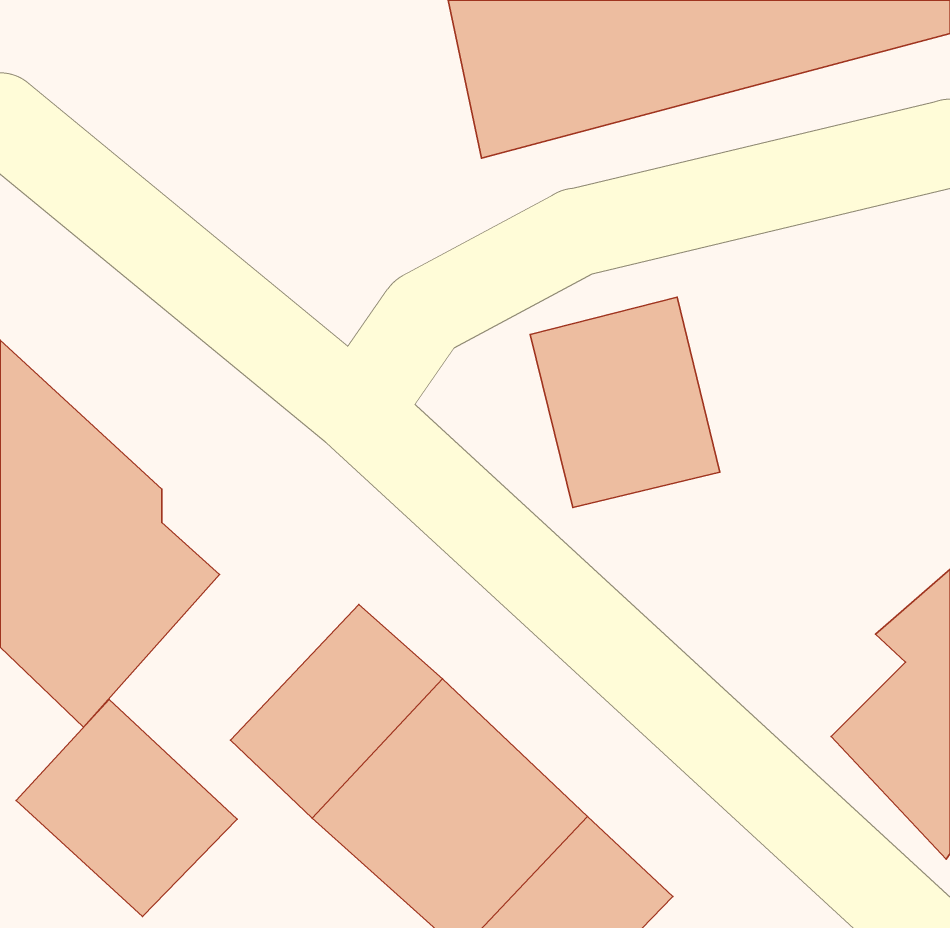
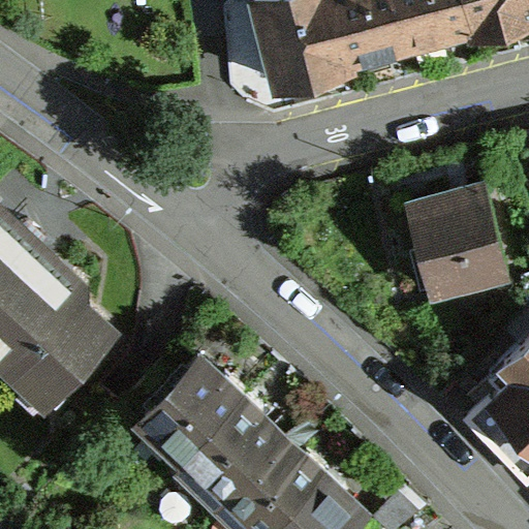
building: [530,297,720,507] -> [403,185,508,302]
building: [16,700,237,917] -> none

